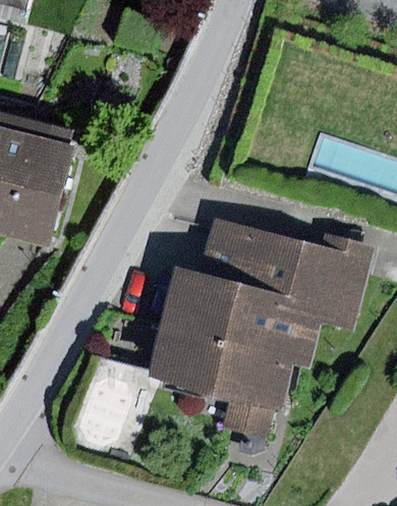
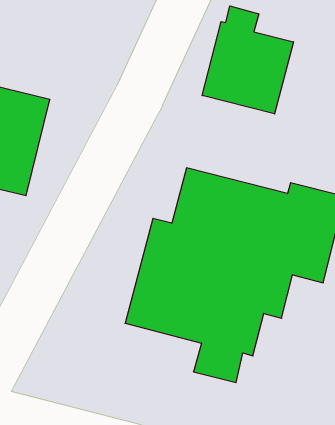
building: none -> [202,6,293,114]

